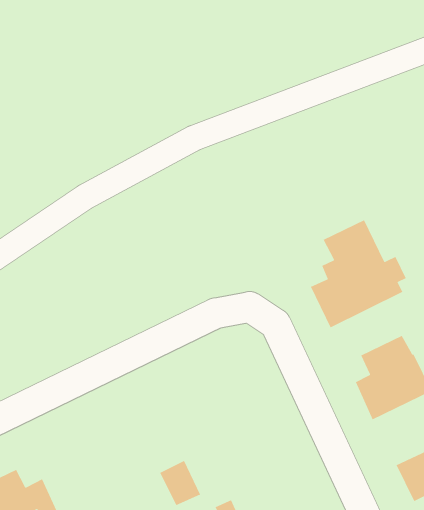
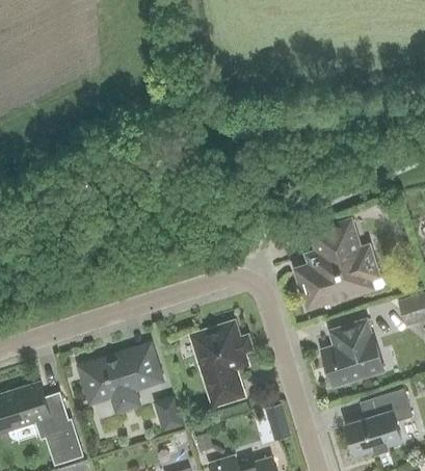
building: none -> [192,320,246,404]
building: none -> [86,352,159,411]

